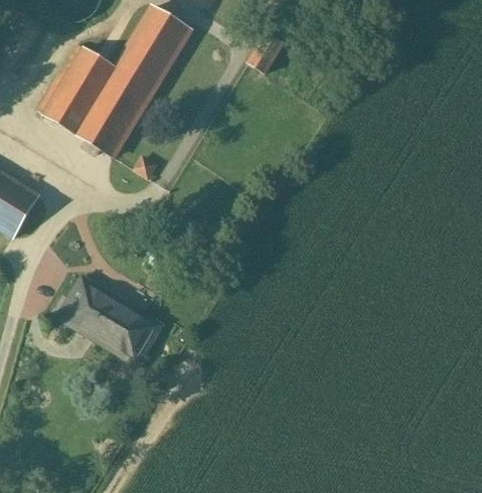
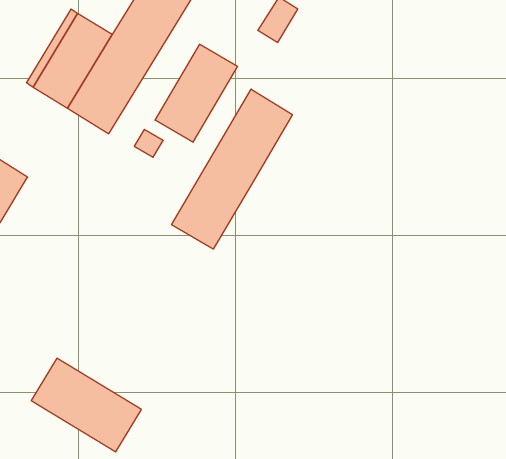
building: none -> [155,44,238,142]
building: none -> [172,89,292,249]
building: [59,279,159,363] -> [31,358,141,452]

